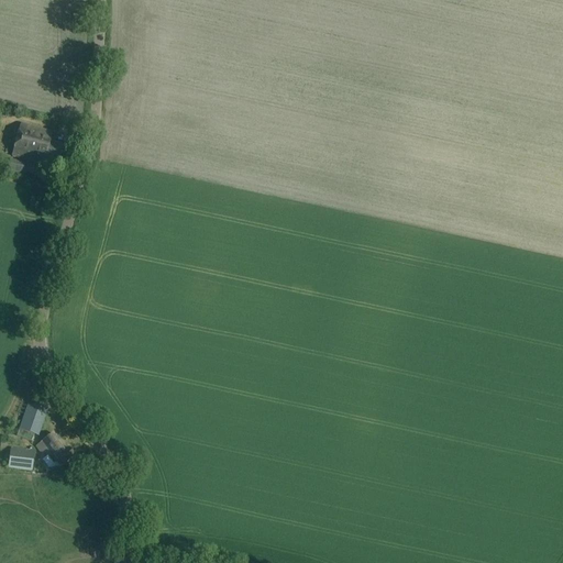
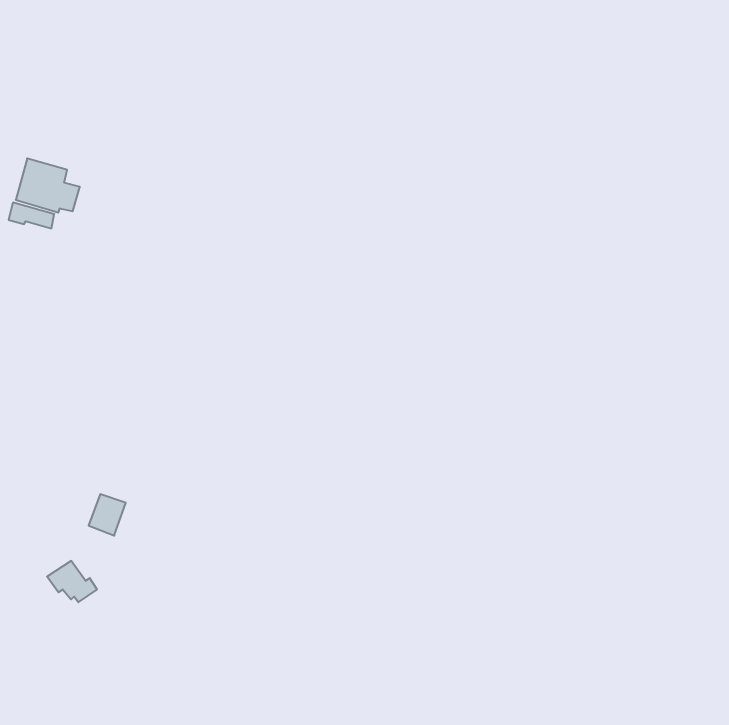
building: [19,401,47,433] -> [89,494,126,536]
building: [8,445,35,468] -> none

